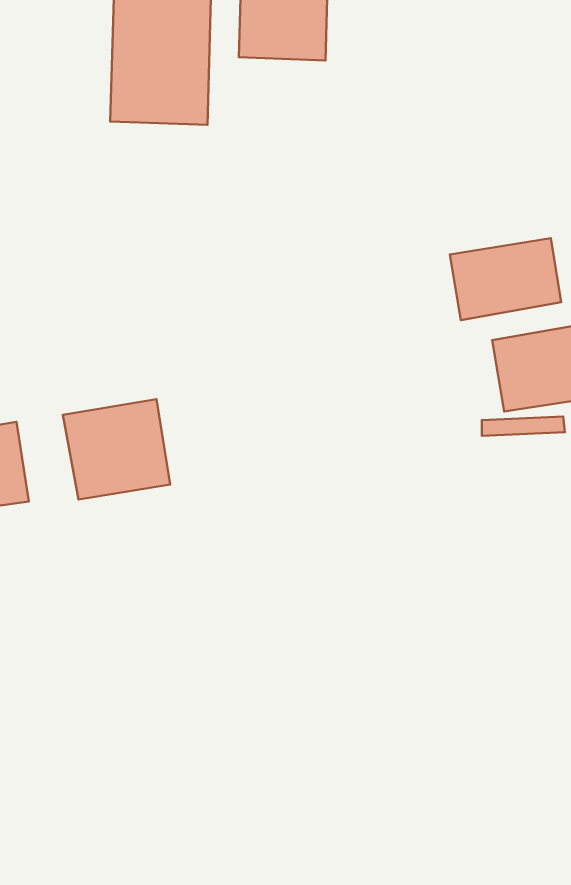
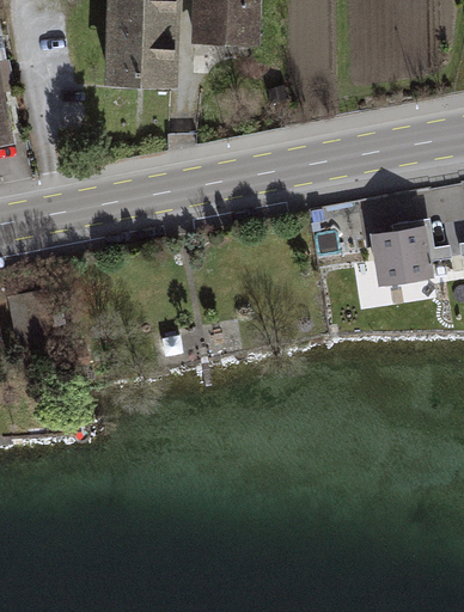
building: [450,238,561,320] -> none
building: [63,399,170,500] -> none

